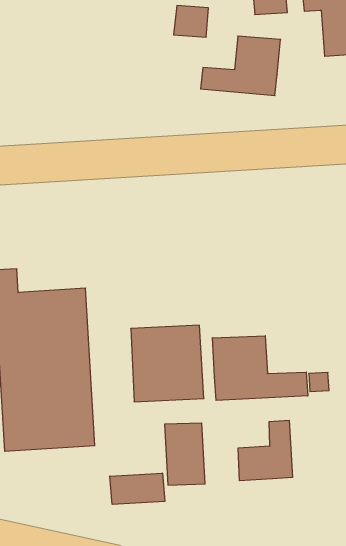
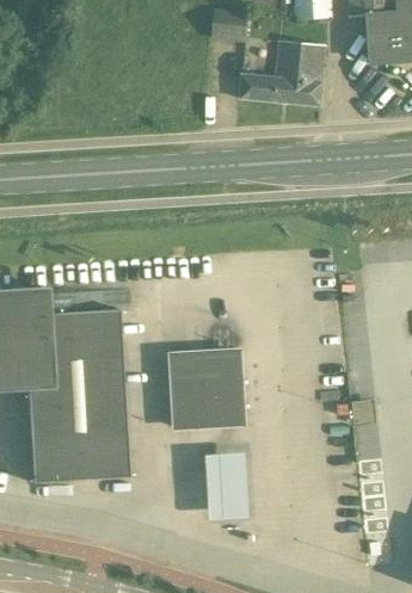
building: [212,336,308,400] -> none
building: [238,420,292,481] -> none
building: [110,473,165,504] -> none

